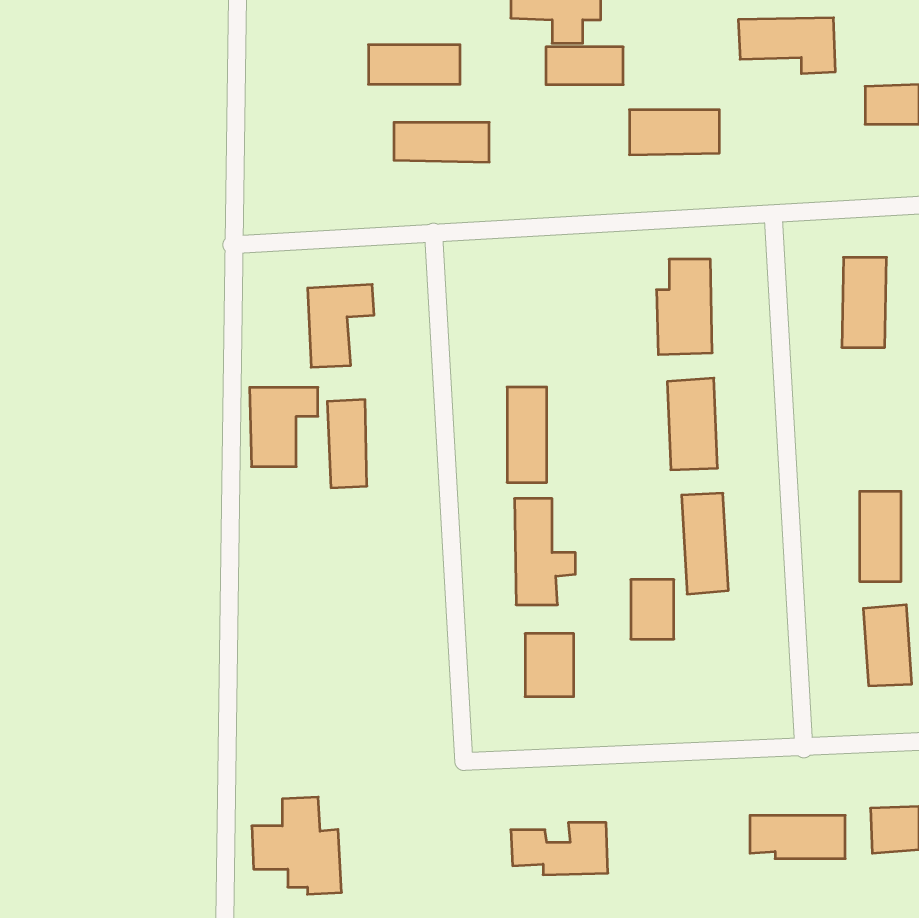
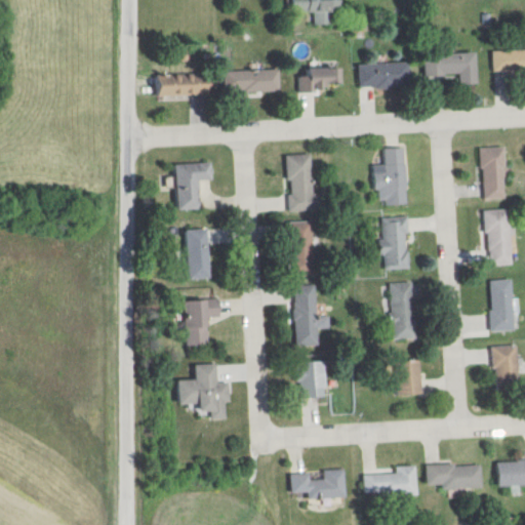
building: [738,18,835,74] -> [422,52,478,84]
building: [368,45,460,84] -> [159,73,211,95]
building: [546,47,623,85] -> [299,69,344,90]
building: none -> [286,154,324,210]
building: none -> [484,208,513,265]
building: [250,387,318,467] -> [183,299,221,345]
building: [631,580,674,639] -> [398,360,422,394]
building: [252,797,342,894] -> [178,363,230,418]
building: none -> [364,466,418,496]

